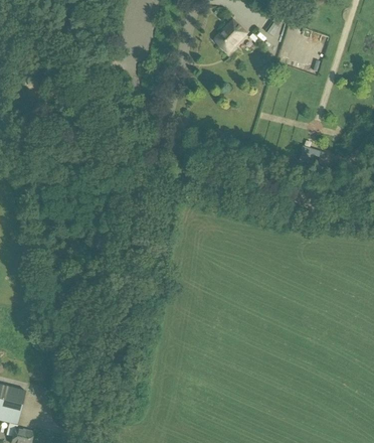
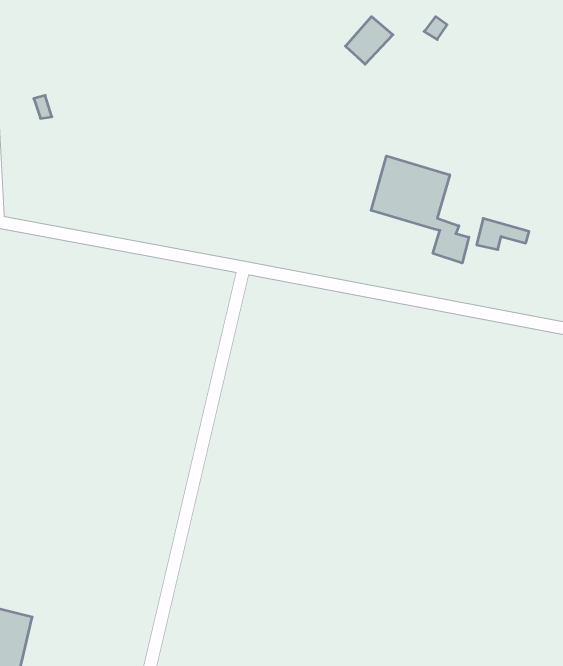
building: none -> [371,156,469,263]

